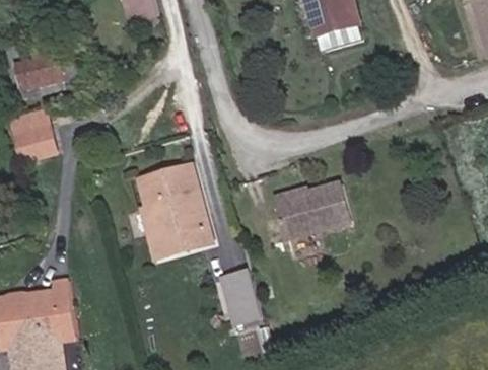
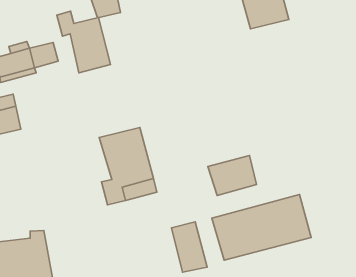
building: none -> [57,11,110,73]
building: [317,186,347,225] -> none
building: none -> [212,194,311,260]

